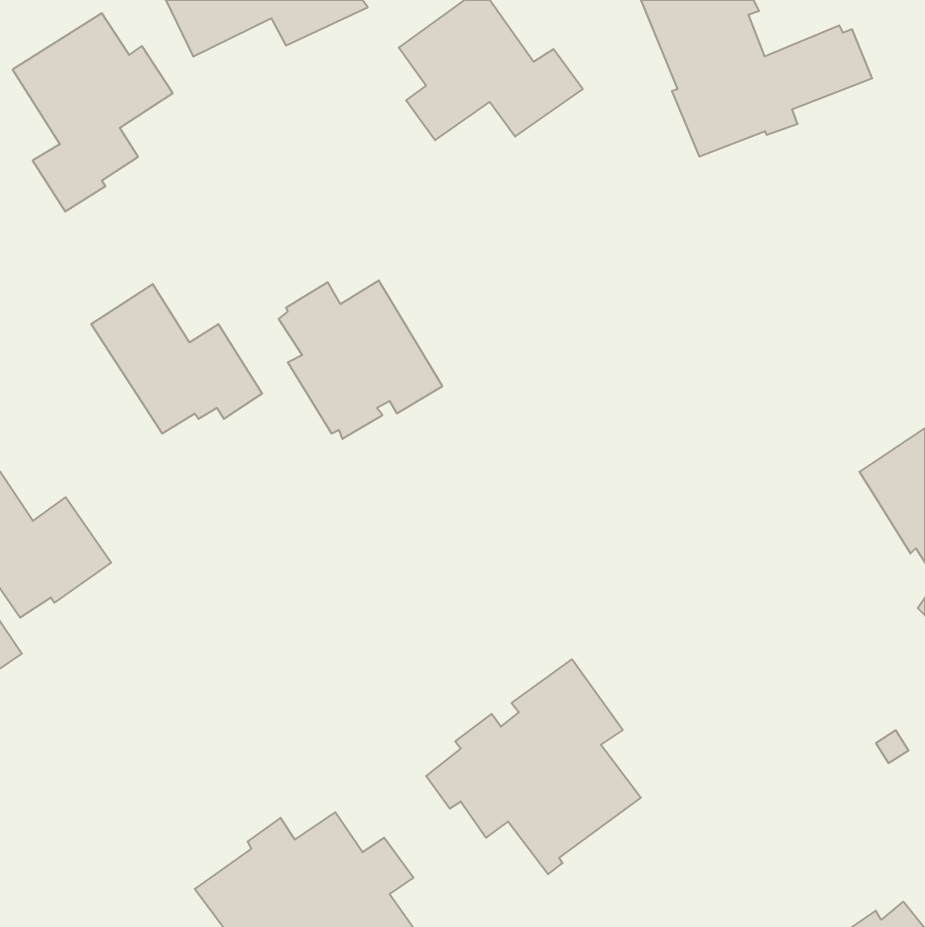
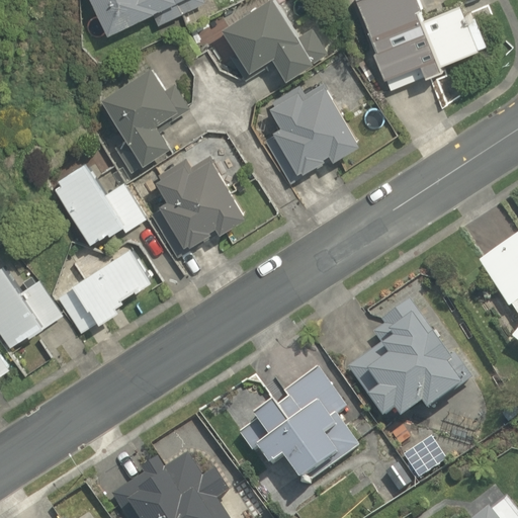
building: [13,13,173,212] -> [101,66,190,176]
building: none -> [268,84,359,172]
building: none -> [57,245,155,330]
building: none -> [345,301,471,418]

